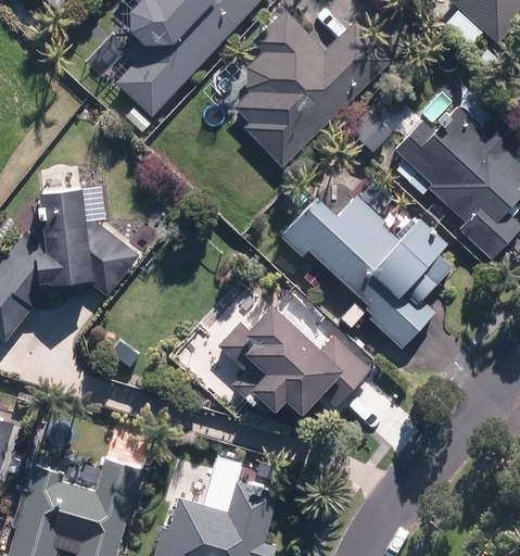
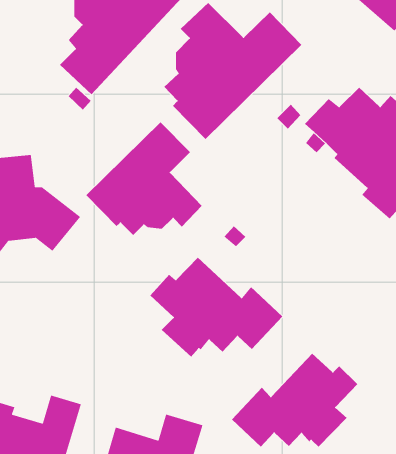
building: none -> [85,122,203,236]
building: [280,194,452,348] -> none
building: none -> [231,353,358,448]

